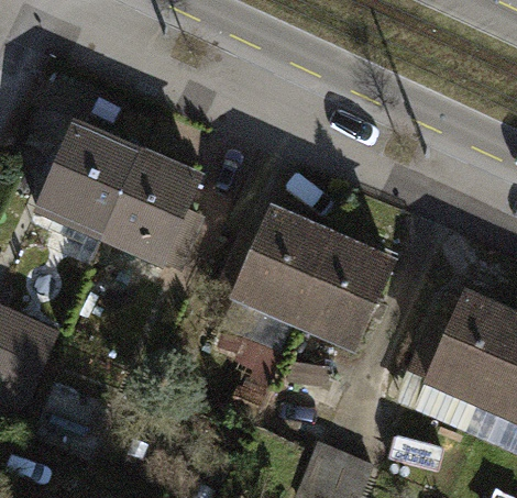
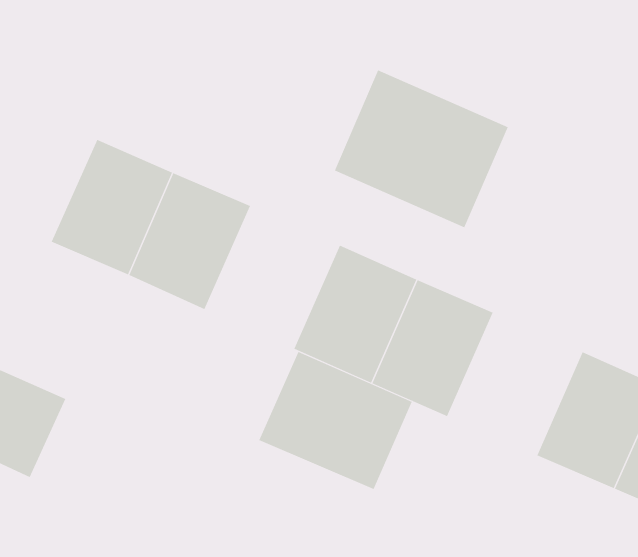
building: none -> [334,70,508,228]
building: none -> [259,351,412,490]

